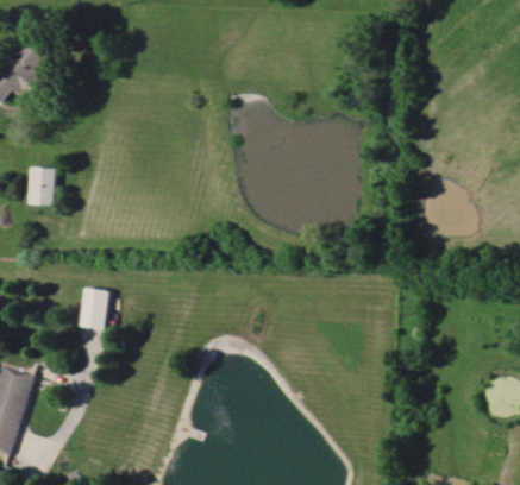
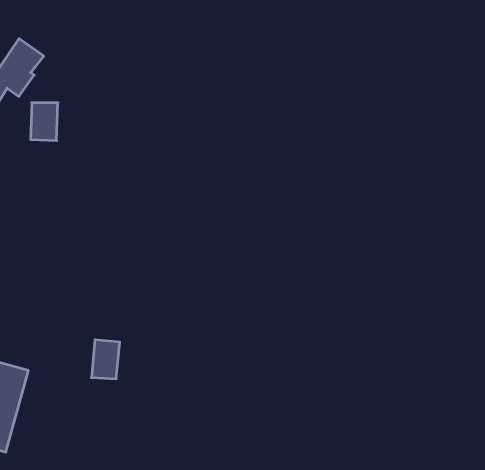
building: [27,168,55,206] -> [31,103,58,141]
building: [81,289,109,328] -> [91,340,120,379]

